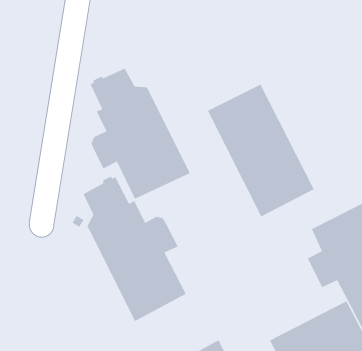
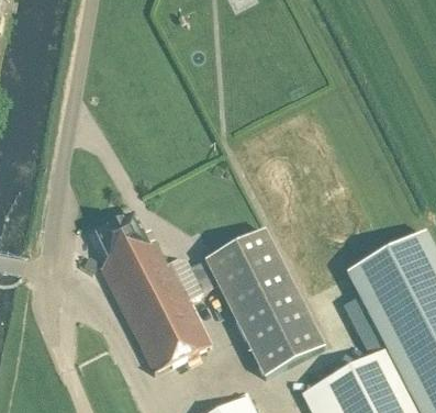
building: [89,67,191,200] -> none
building: [207,83,315,218] -> [204,227,323,375]

